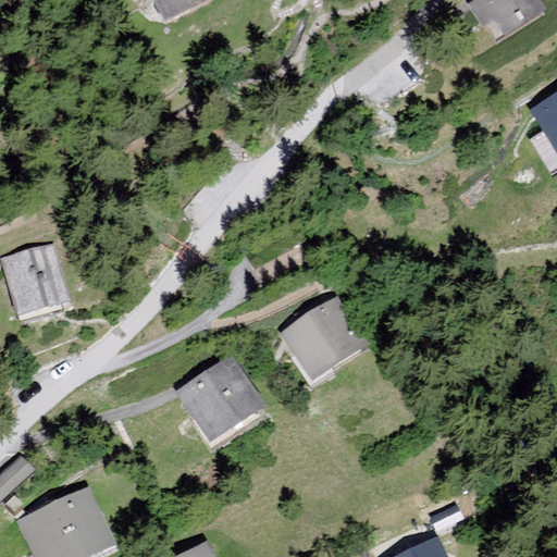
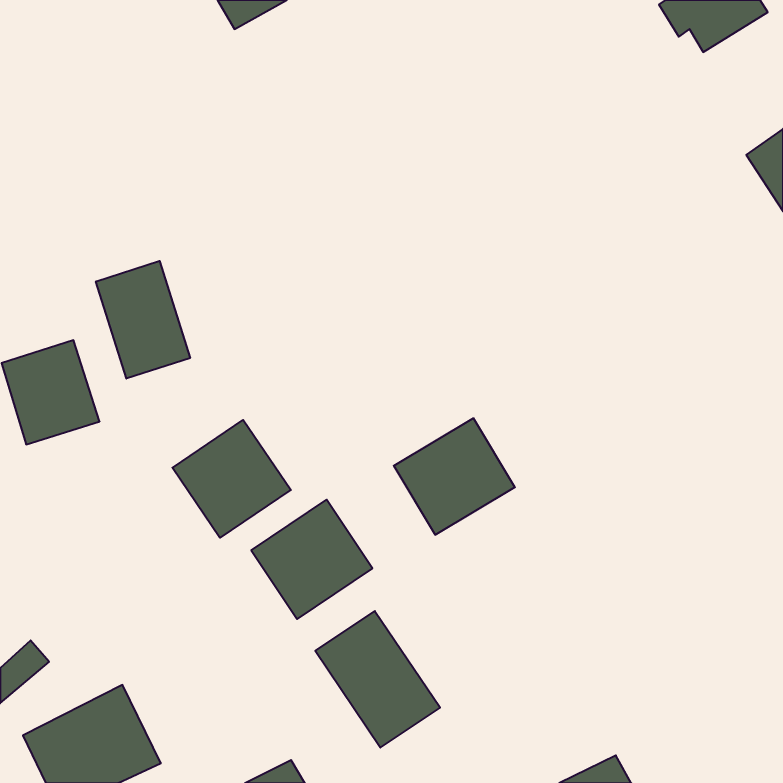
building: none -> [96,261,190,379]
building: none -> [172,420,291,538]
building: none -> [315,611,440,748]

